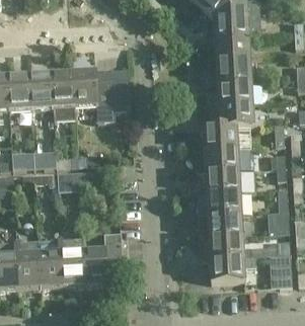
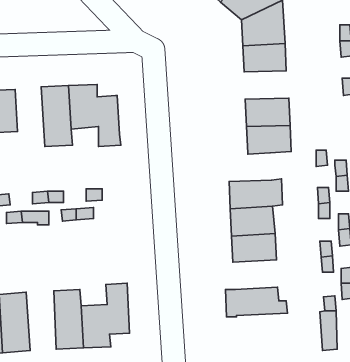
building: [216,60,252,83] -> none
building: [110,69,130,111] -> none
building: [29,73,53,109] -> none
building: [203,127,238,150] -> none
building: [200,214,243,238] -> none
building: [39,239,63,288] -> none
building: [210,257,251,282] -> none

